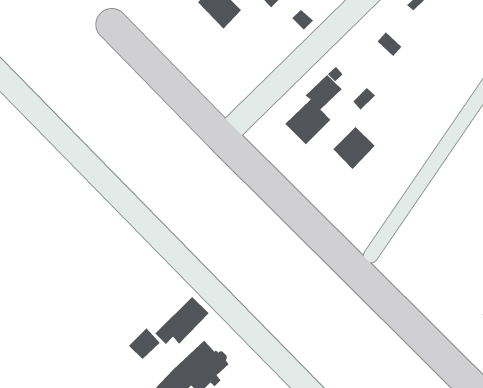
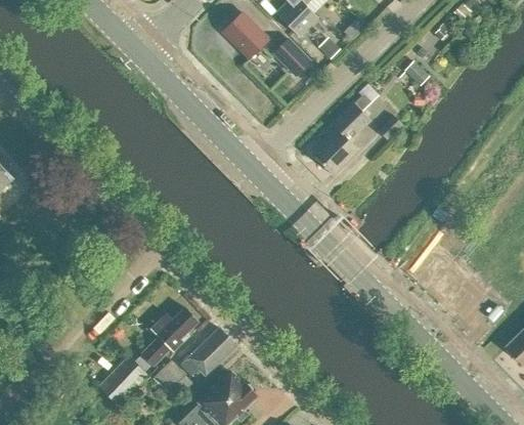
building: none -> [272,37,313,78]
building: [333,126,375,170] -> none
building: none -> [98,307,198,405]

